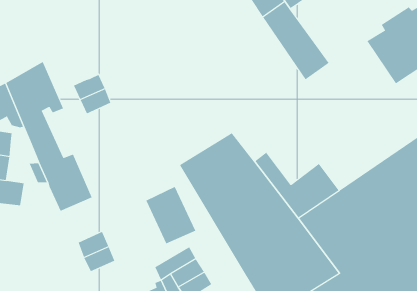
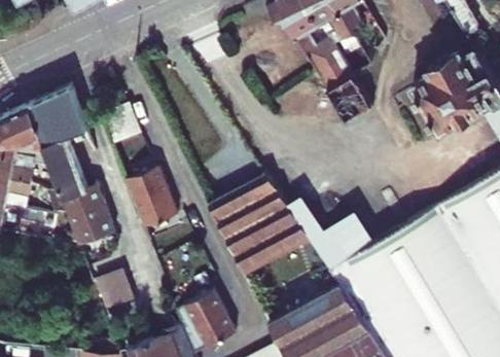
building: [146,186,196,244] -> [128,166,179,226]

